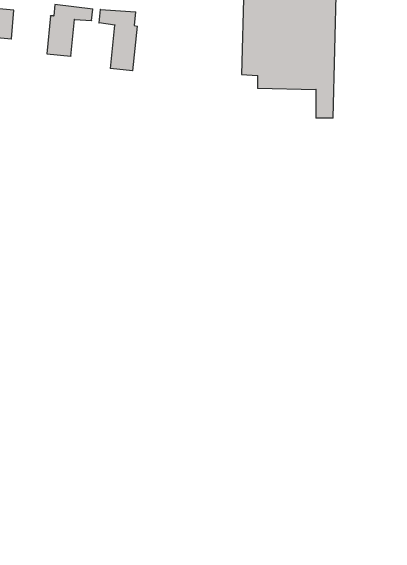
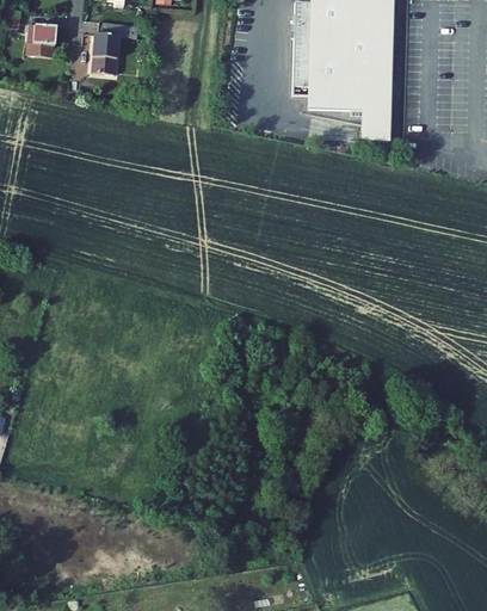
building: [99,9,137,71] -> none

